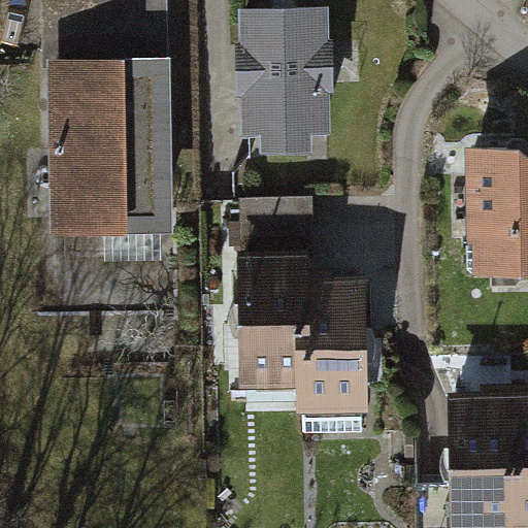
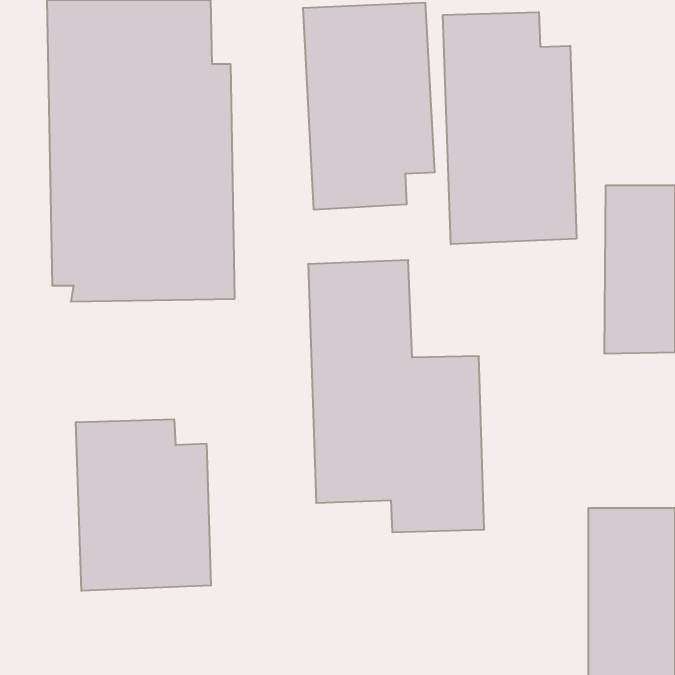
building: none -> [443,12,576,244]
building: none -> [76,419,211,591]

